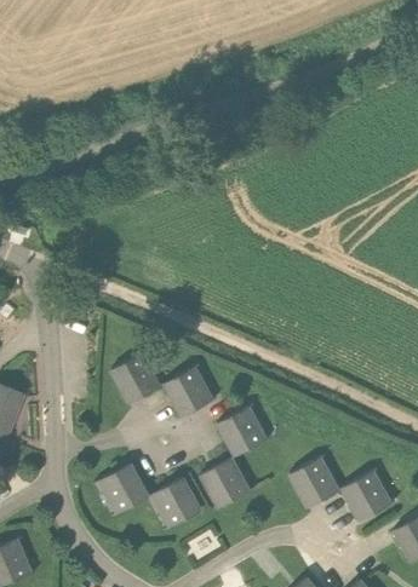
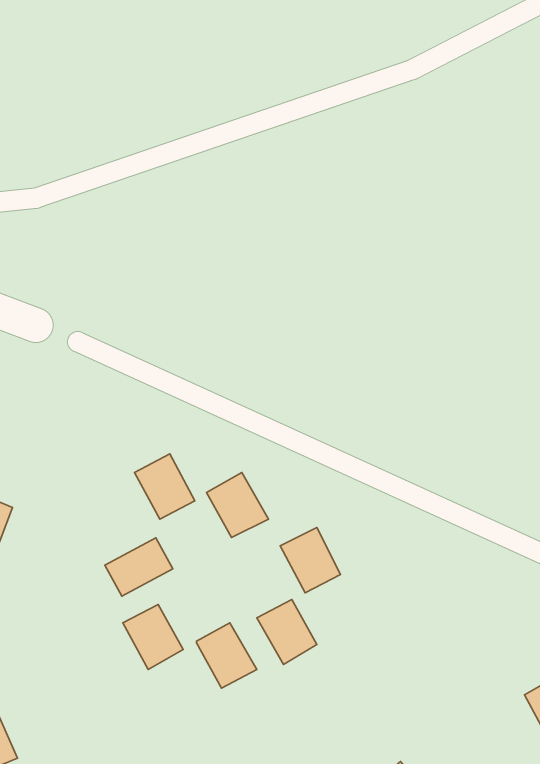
building: none -> [105,538,173,596]
building: [291,459,334,506] -> none
building: [343,472,388,519] -> none

